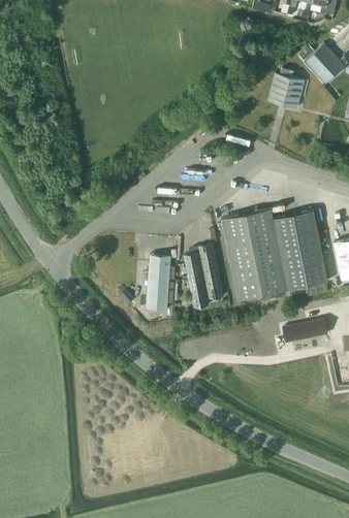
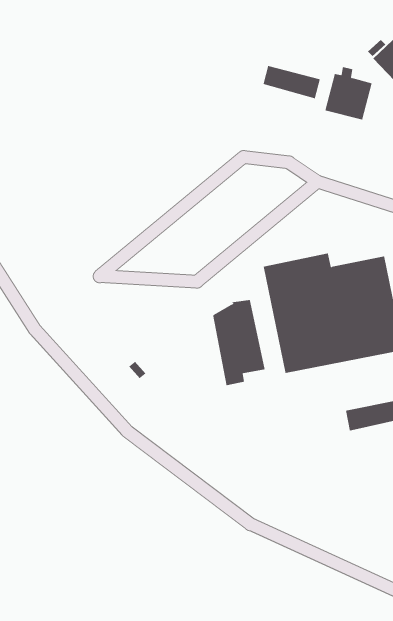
building: none -> [263,65,320,99]
building: [147,254,171,309] -> none

